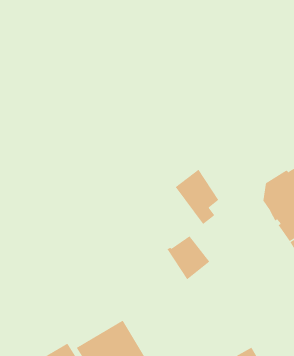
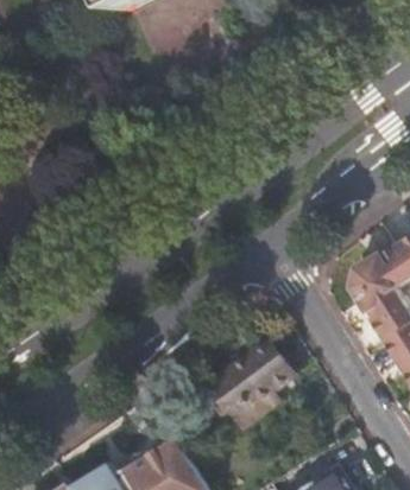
building: [175,169,219,225] -> [201,349,256,418]

